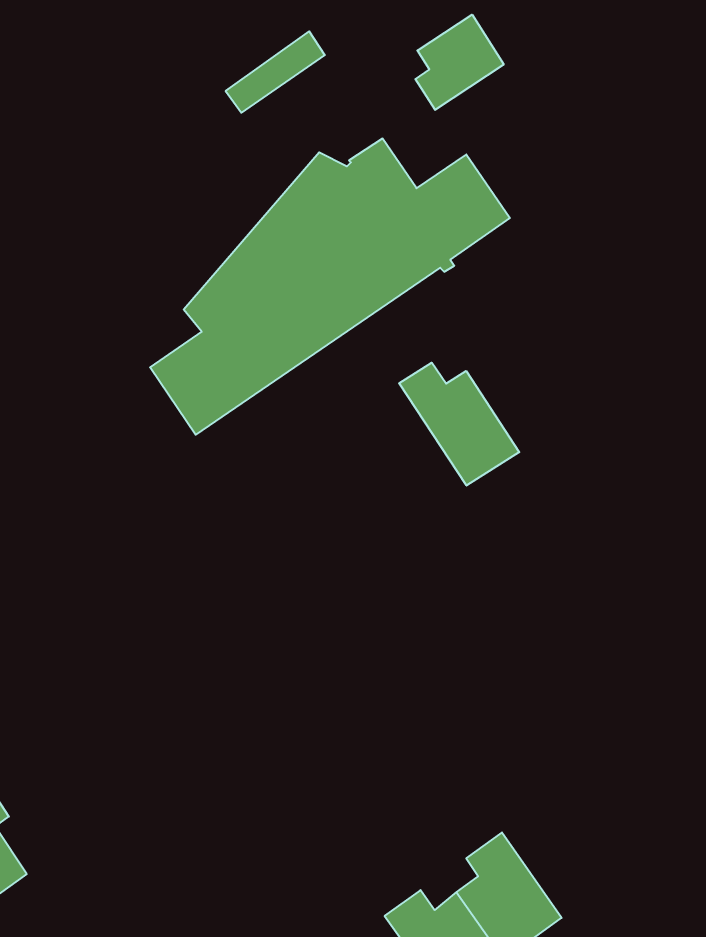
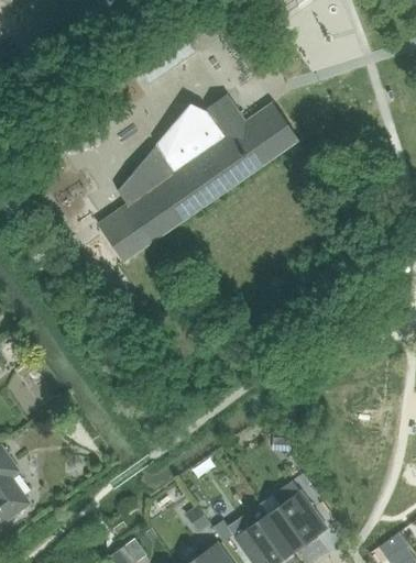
building: [415,15,504,110] -> none
building: [399,363,519,486] -> none

